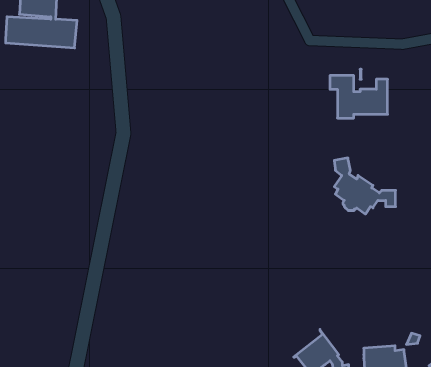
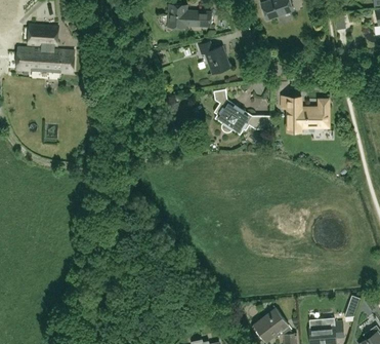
building: none -> [199,40,230,73]
building: [334,158,396,214] -> [214,88,264,135]

